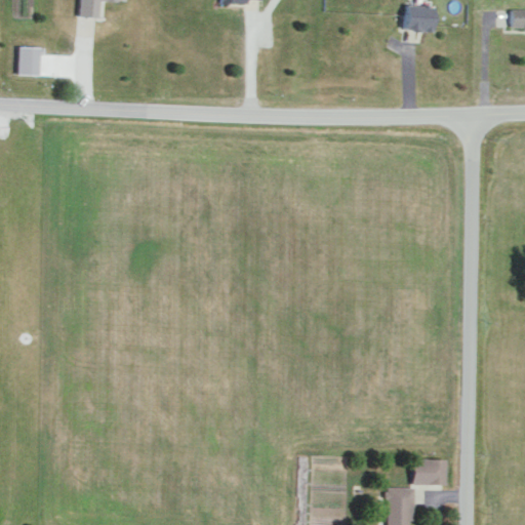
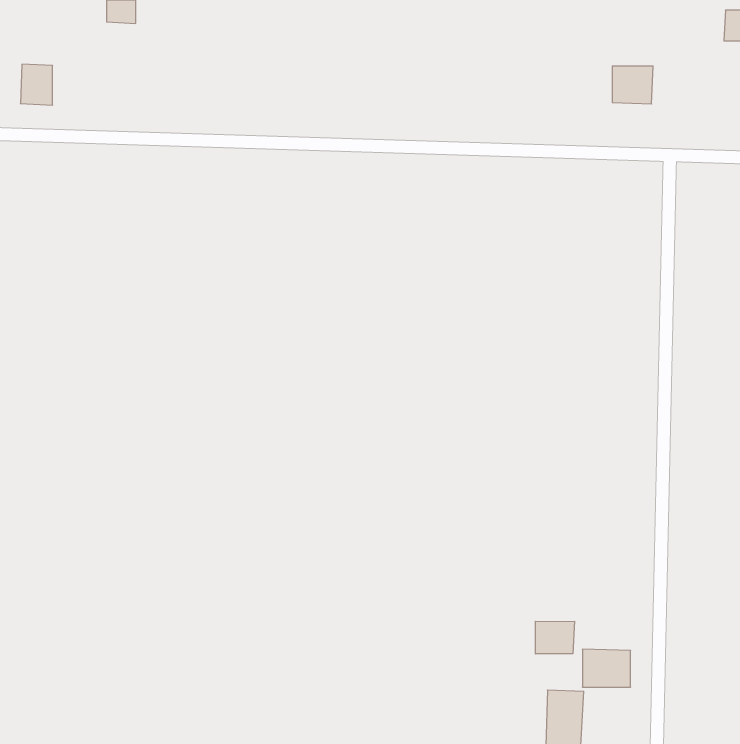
building: [407,5,436,32] -> [612,66,653,104]
building: none -> [535,621,574,654]

